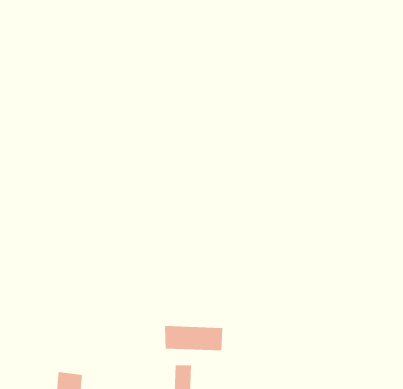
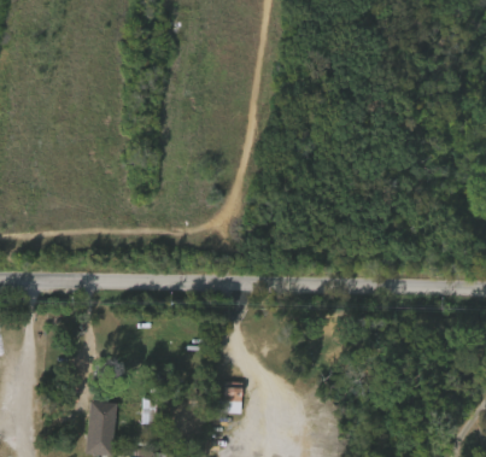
building: [165,325,223,351] -> none

